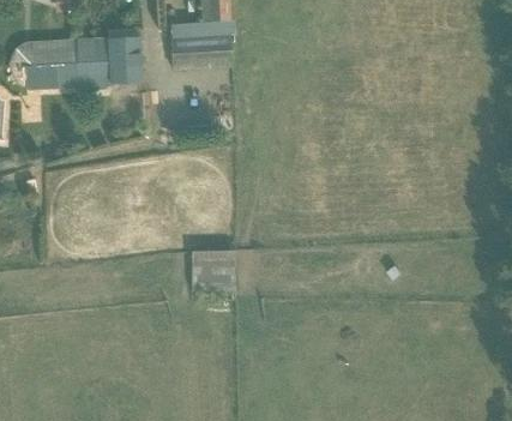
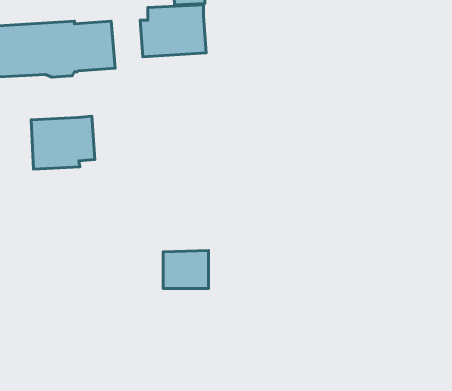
building: none -> [31,116,95,169]

